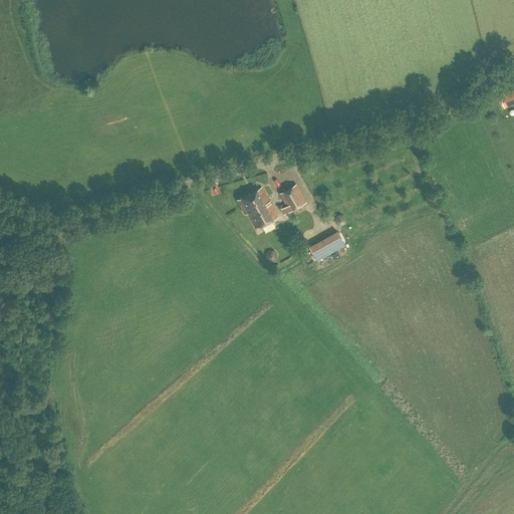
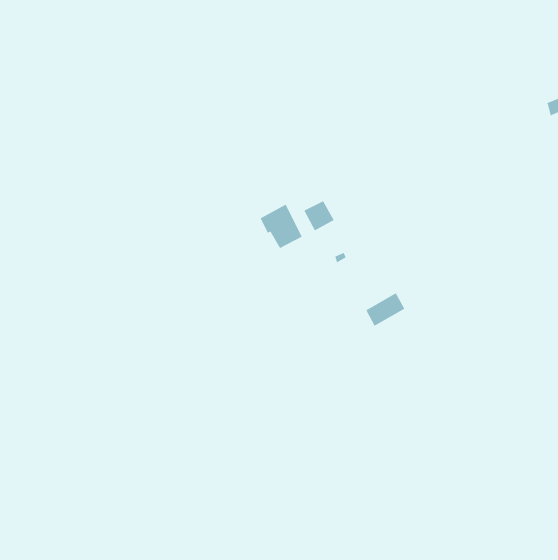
building: [310,230,346,261] -> [366,293,405,327]

